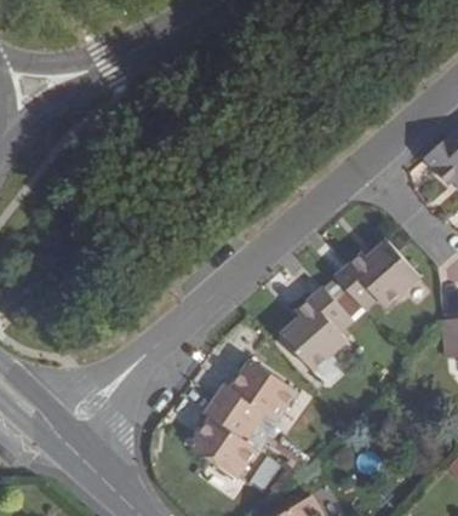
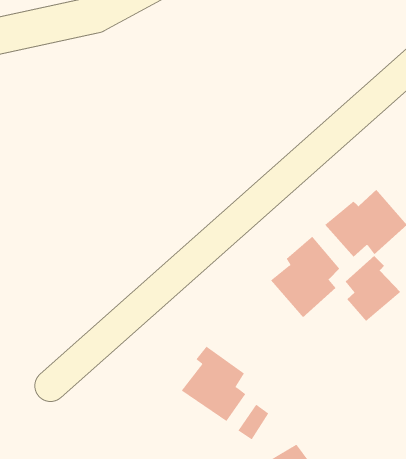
building: none -> [345,255,401,322]
building: [216,357,297,425] -> none

